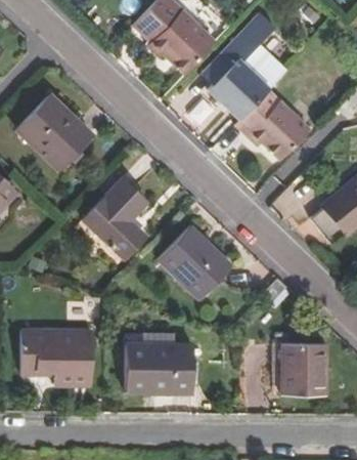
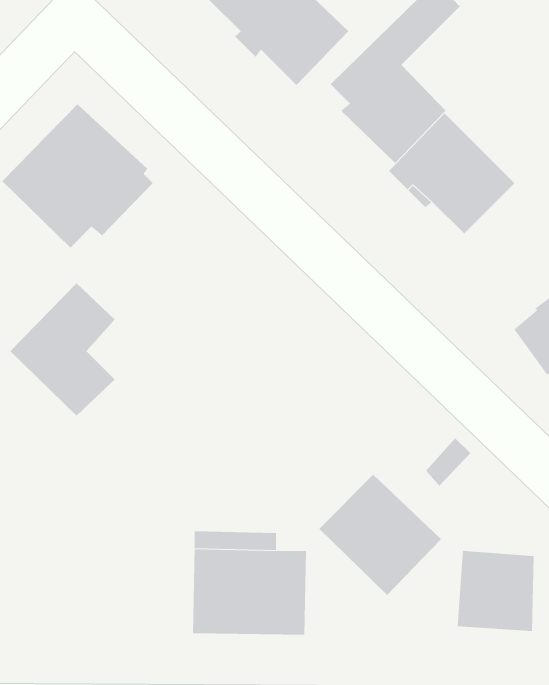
building: [84,178,145,256] -> [9,282,115,417]
building: [150,222,222,293] -> [318,474,442,596]
building: [23,330,96,385] -> none

